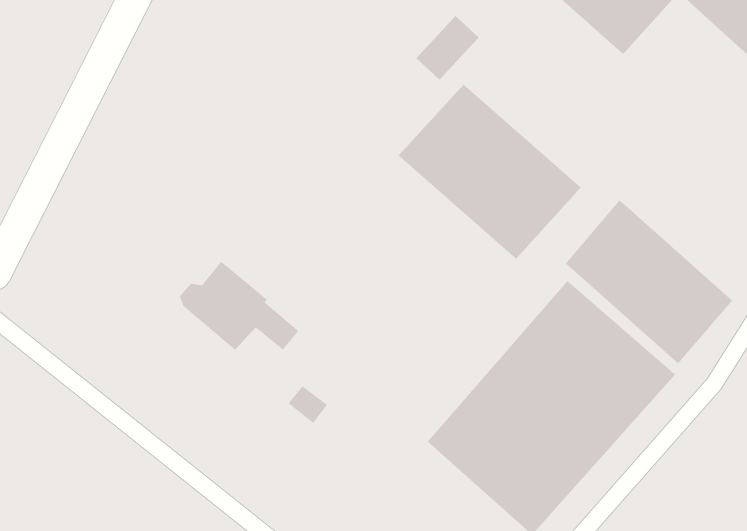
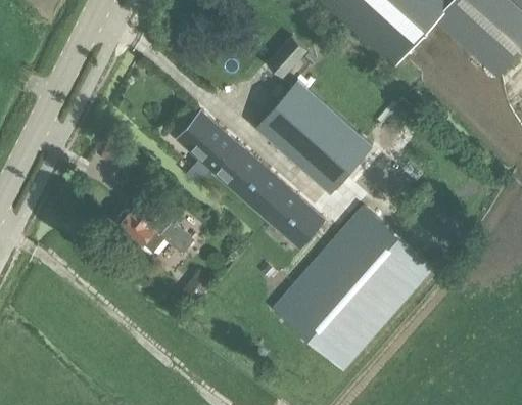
building: none -> [176,110,326,249]
building: [565,200,733,364] -> none

